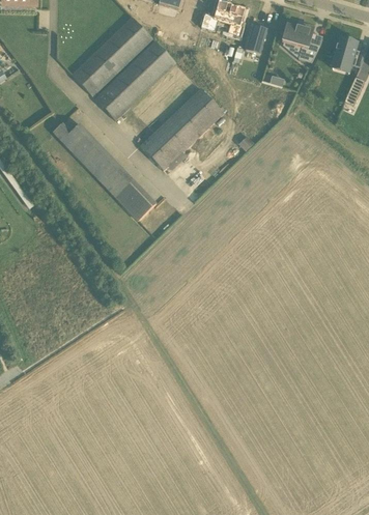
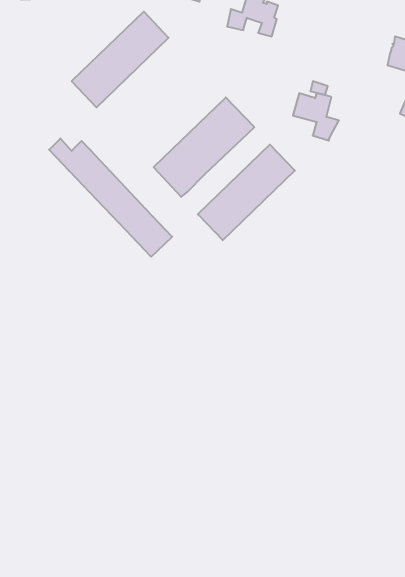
building: [281,24,319,63] -> [293,93,339,141]
building: [246,25,267,54] -> none
building: [94,40,175,120] -> [198,145,295,240]

